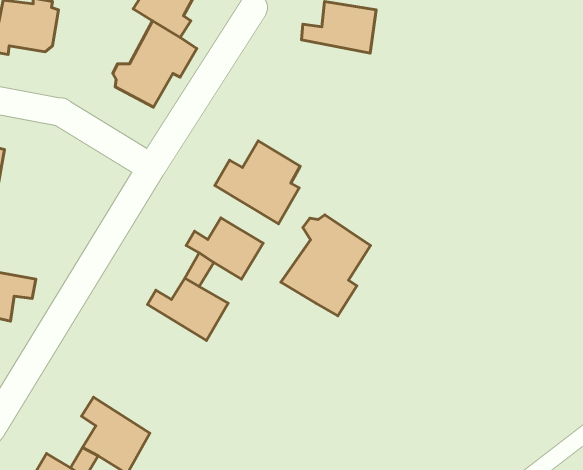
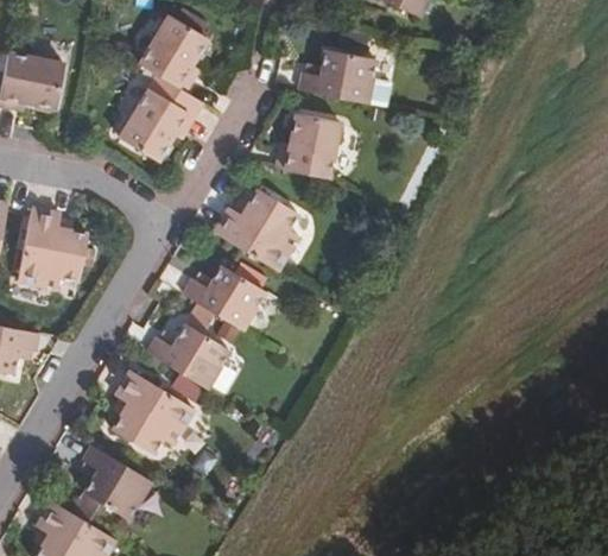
building: none -> [279,119,343,179]
building: none -> [18,203,86,283]
building: [281,215,371,316] -> none
building: none -> [112,373,195,456]

